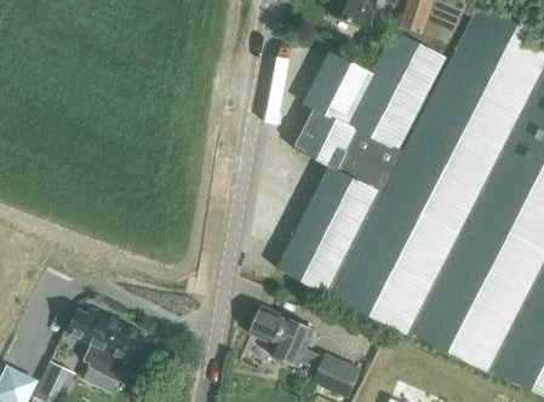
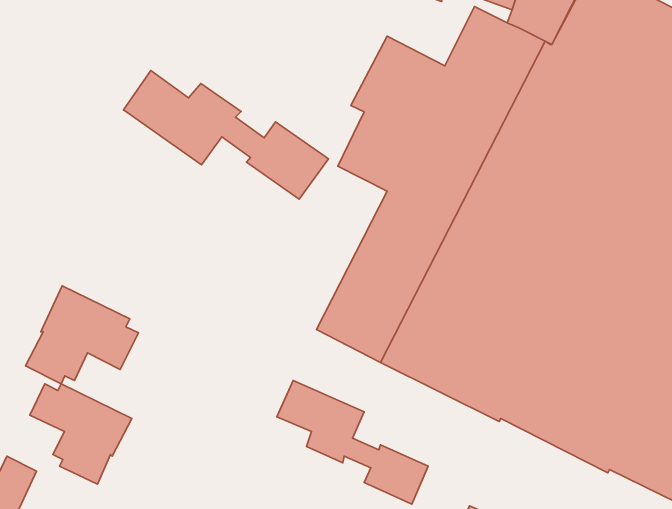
building: none -> [123,71,329,199]
building: none -> [25,286,139,384]

